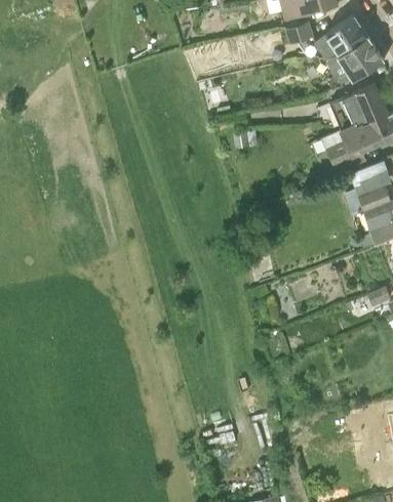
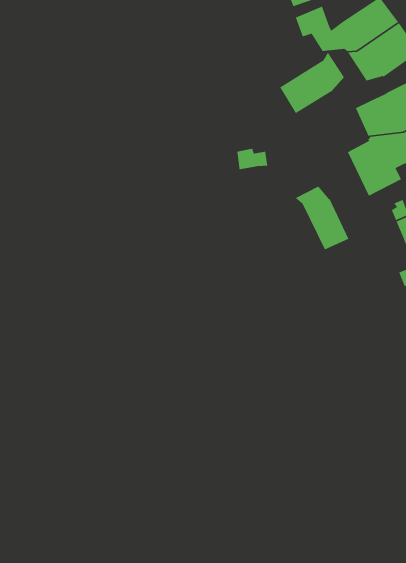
building: none -> [279,51,345,114]
building: none -> [294,186,349,250]

